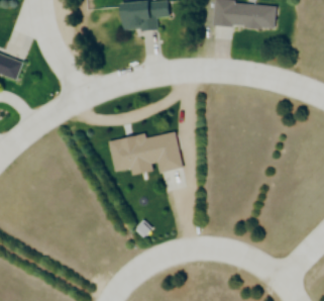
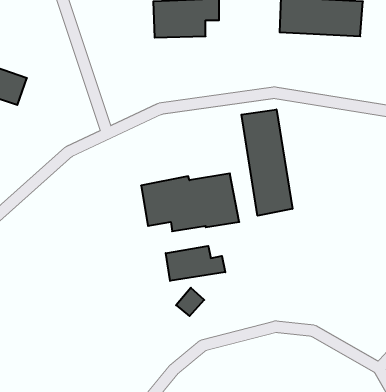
building: none -> [241,109,292,216]
building: none -> [166,246,225,281]

